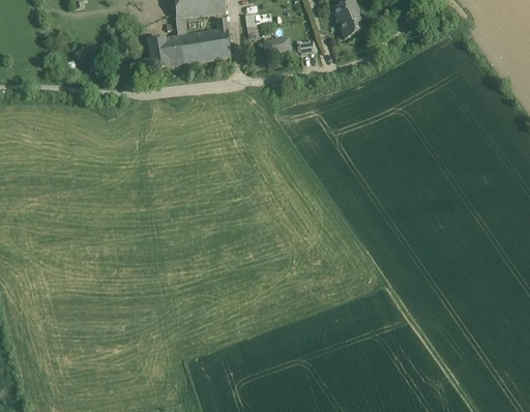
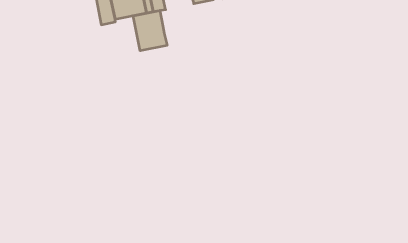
building: none -> [133,10,167,51]

